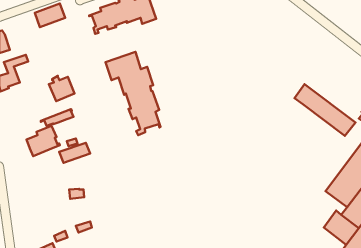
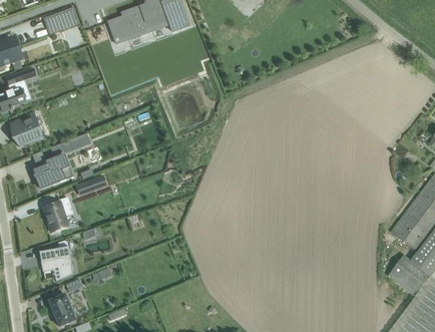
building: [106,52,160,135] -> none
building: [49,76,75,101] -> [10,116,41,146]
building: [294,84,355,136] -> none
building: none -> [42,199,72,233]
building: none -> [39,240,72,279]

